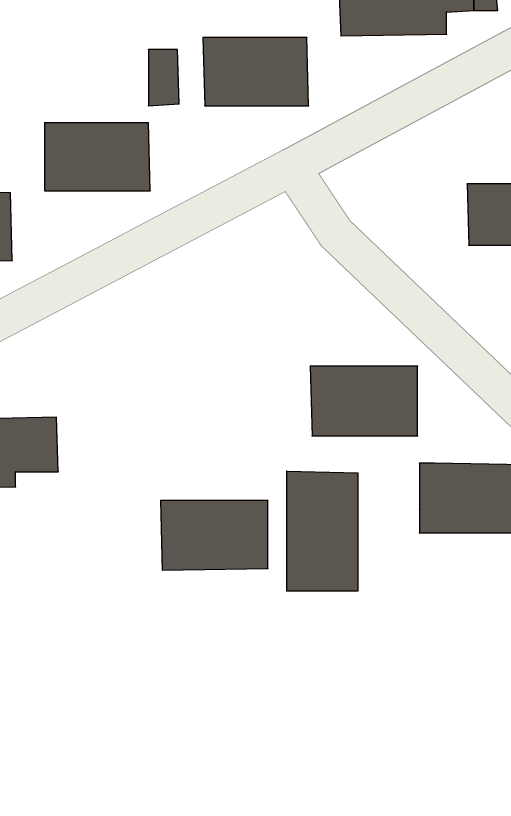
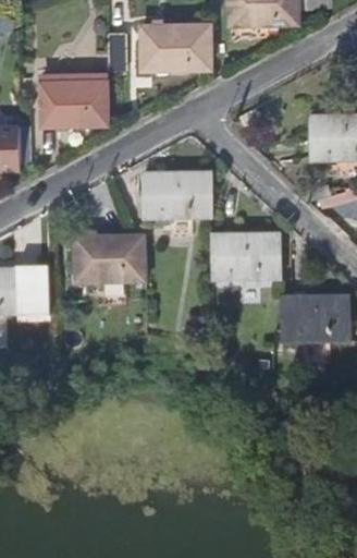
building: none -> [145,173,211,218]
building: [287,471,358,591] -> none
building: [161,500,268,570] -> [76,238,145,282]

